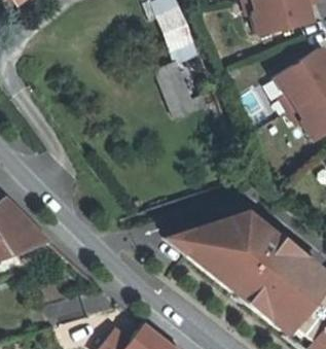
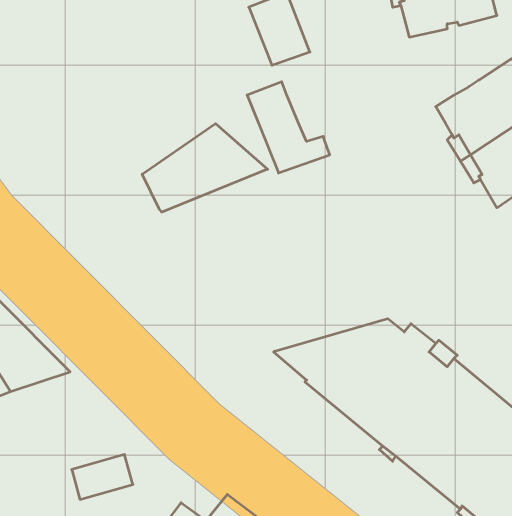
building: none -> [142,124,268,212]

